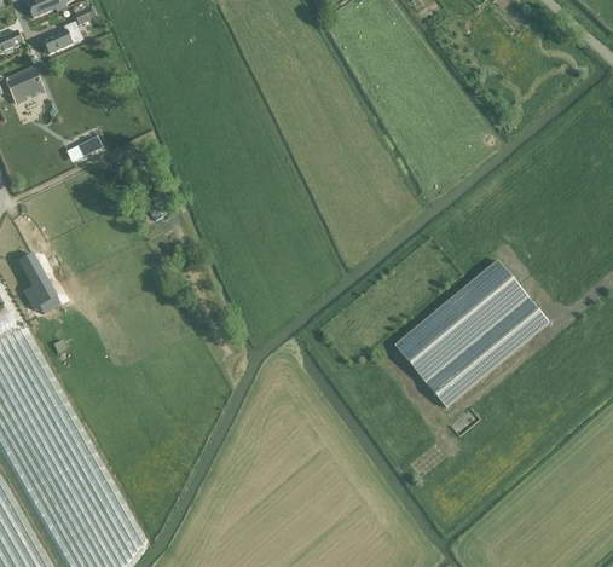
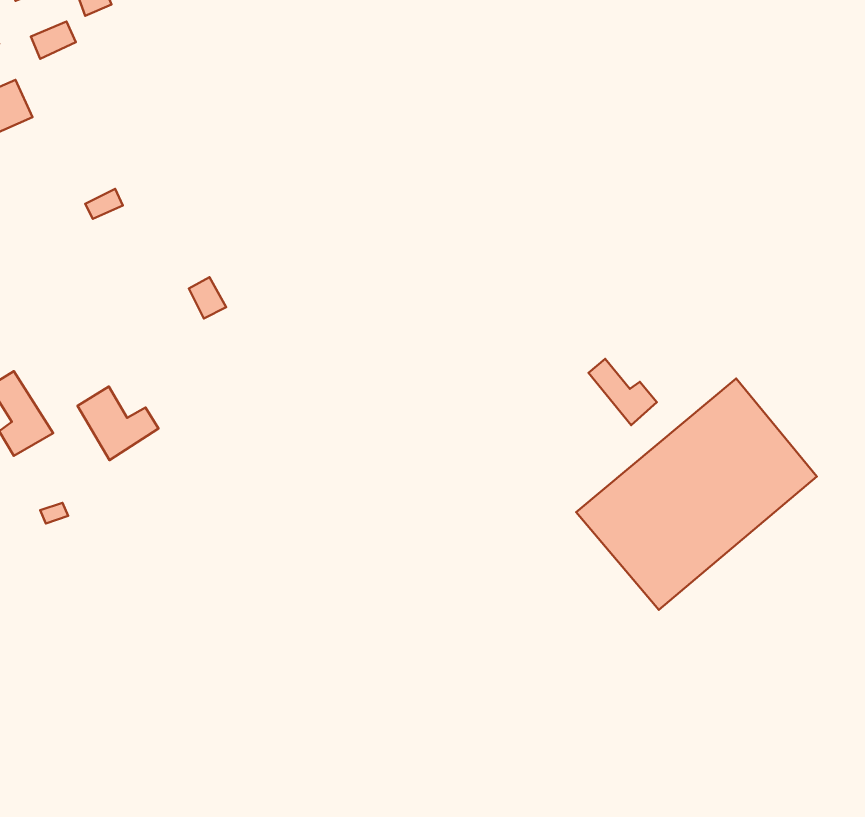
building: none -> [589,359,657,425]
building: none -> [77,386,158,460]

